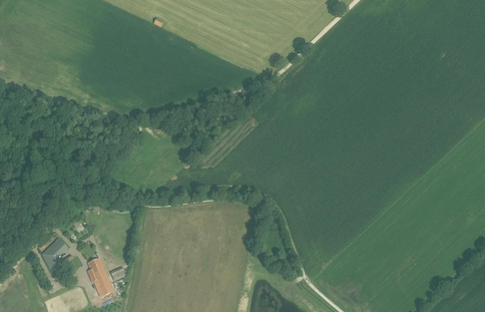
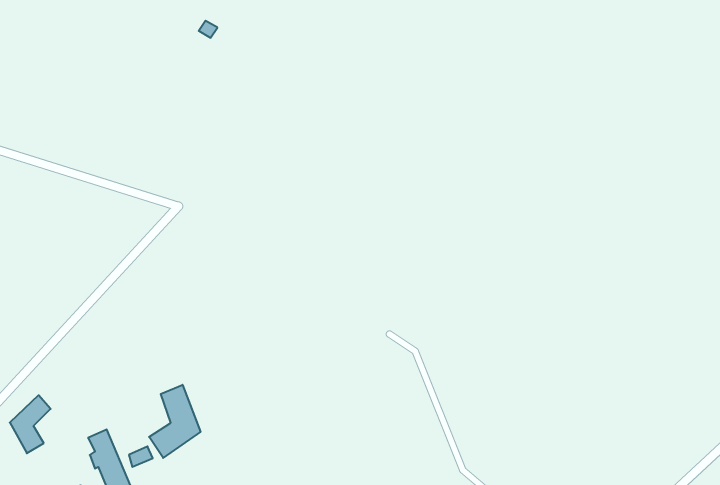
building: none -> [149,385,200,458]

